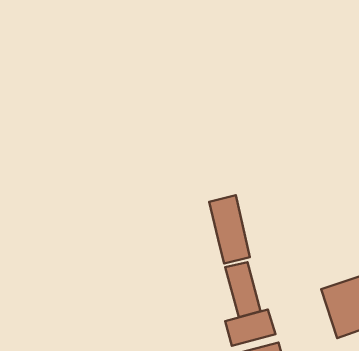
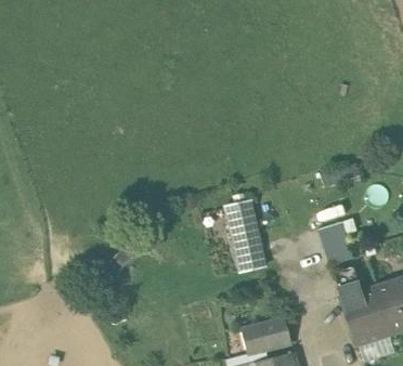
building: none -> [315,221,352,265]
building: [225,262,261,317] -> none

